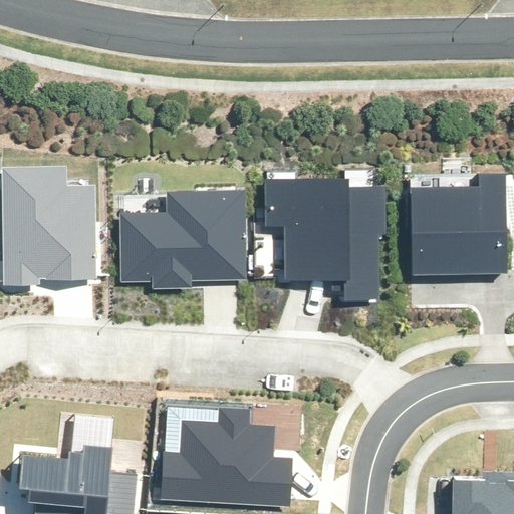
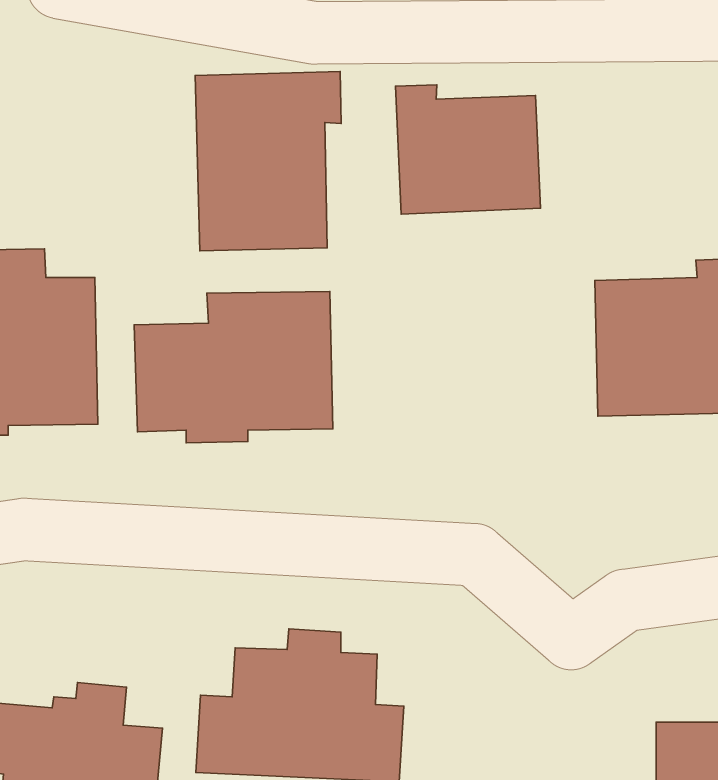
building: none -> [195,72,341,251]
building: none -> [395,85,540,214]
building: [263,177,383,300] -> none

